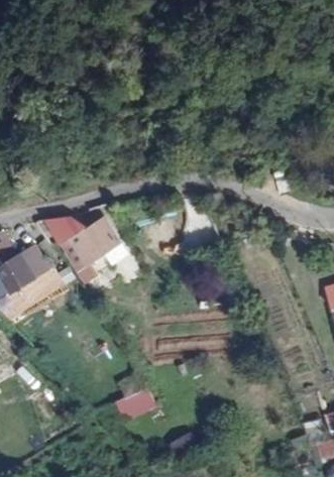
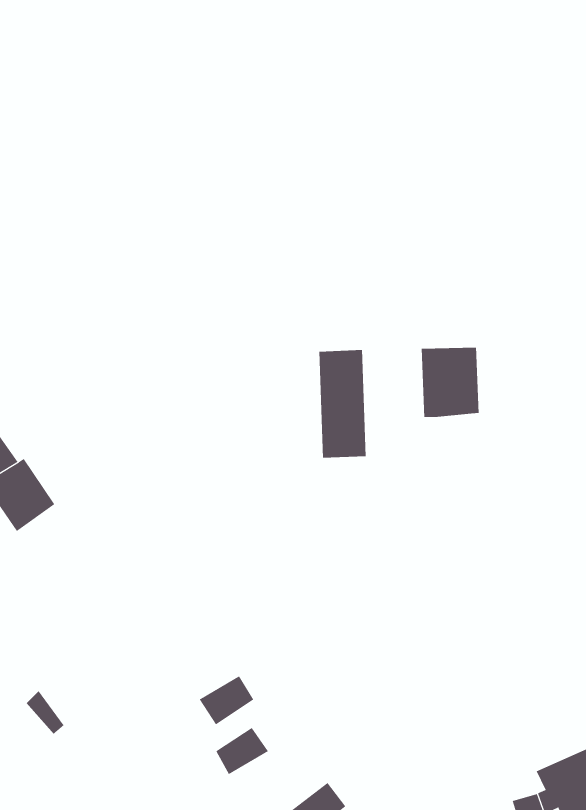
building: none -> [421,347,479,418]
building: [46,214,120,262] -> none

